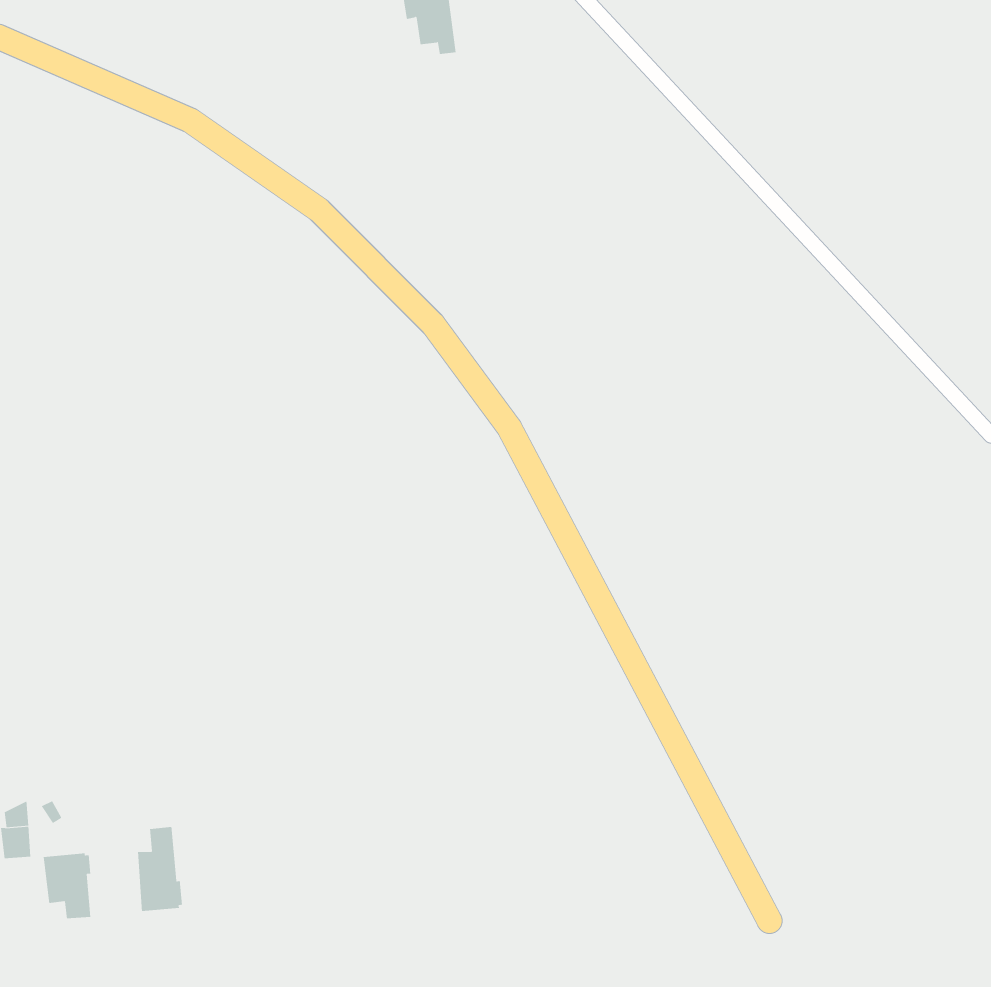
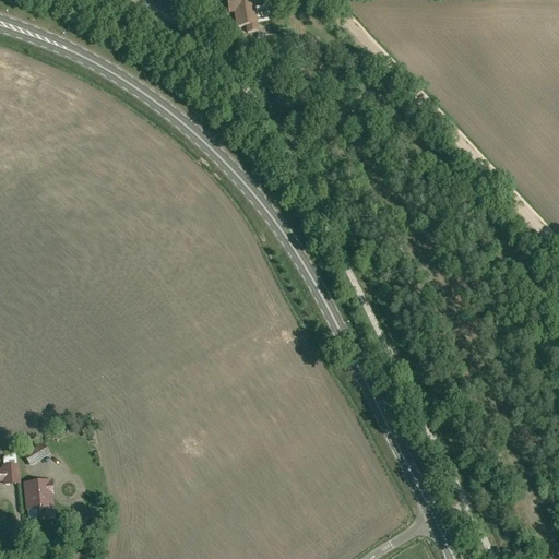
building: [137,826,182,912] -> none

